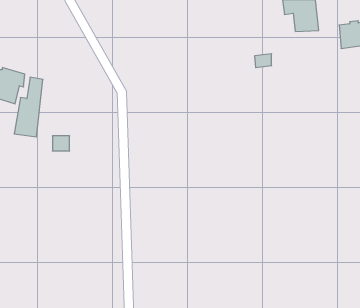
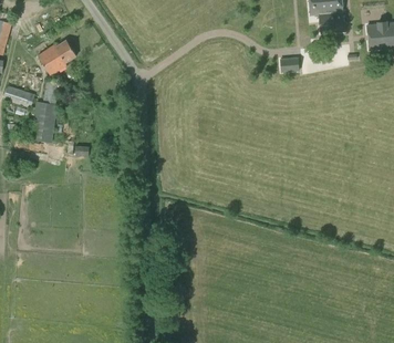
building: none -> [38,41,76,76]

